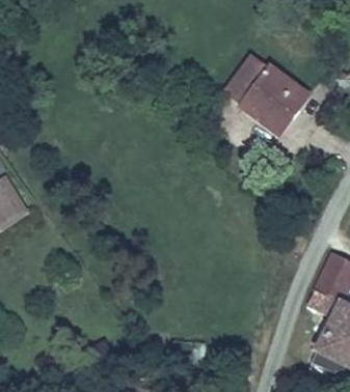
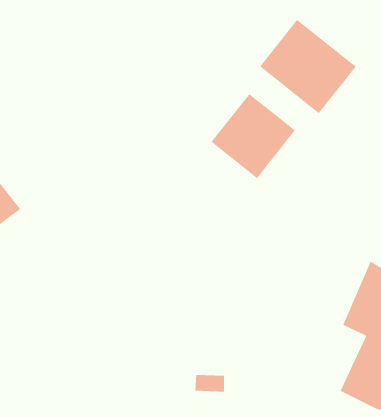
building: none -> [210,93,296,179]

